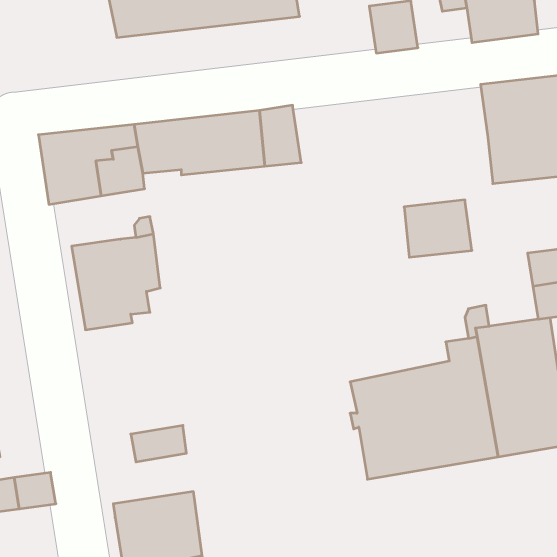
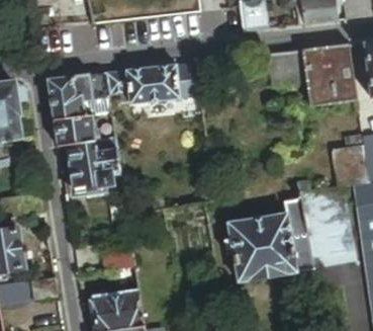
building: none -> [54,114,95,147]
building: [404,200,472,257] -> [269,51,308,84]

